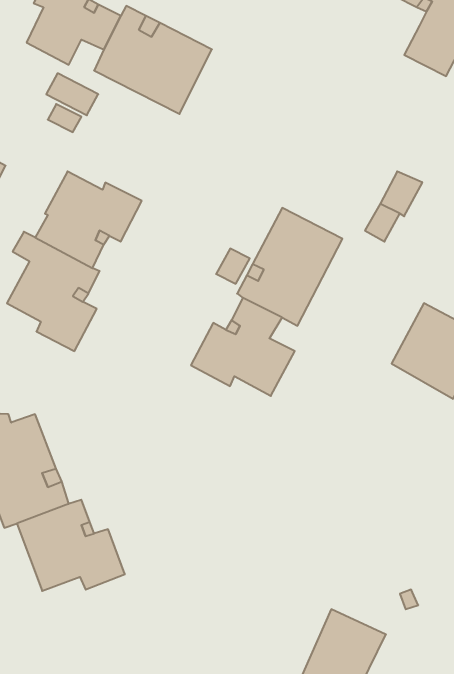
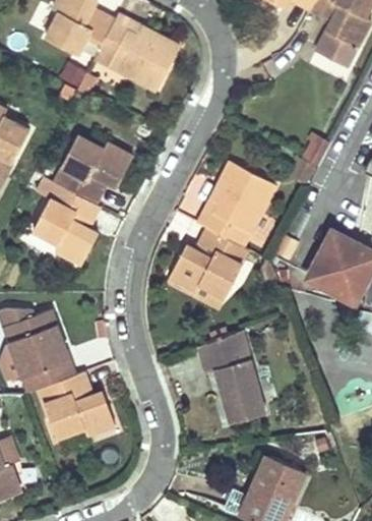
building: none -> [197,333,269,430]

